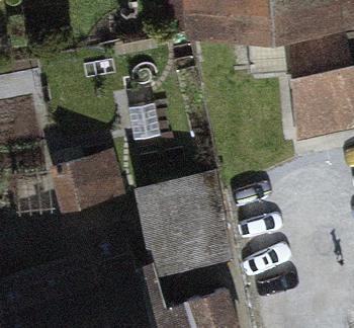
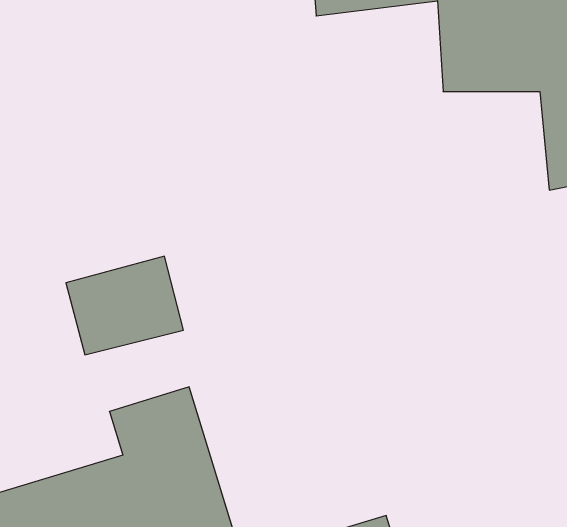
building: [148,183,228,271] -> none

